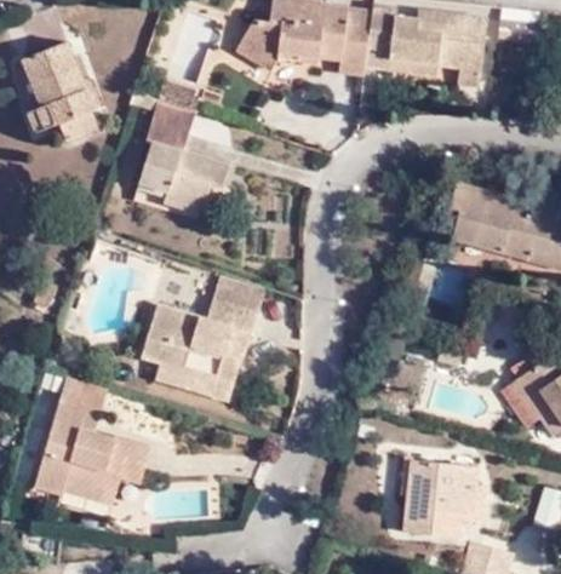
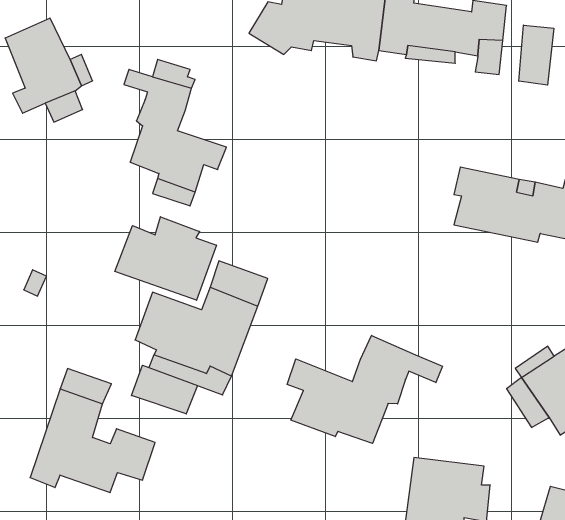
building: none -> [519,25,554,85]
building: none -> [115,217,216,300]
building: none -> [287,335,443,443]
building: none -> [132,365,197,414]

